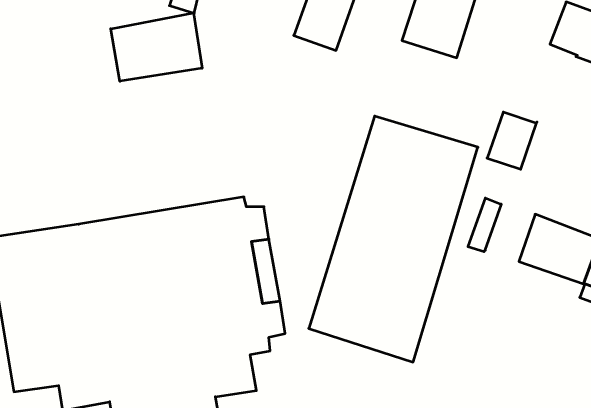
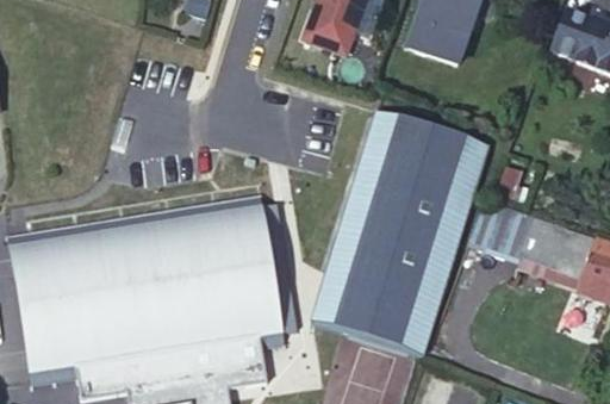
building: [111,13,202,81] -> none
building: [487,112,537,169] -> [486,203,534,257]

